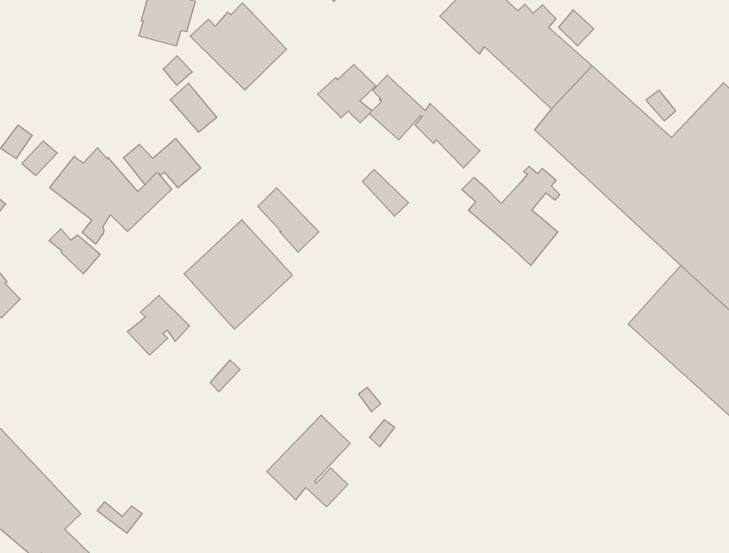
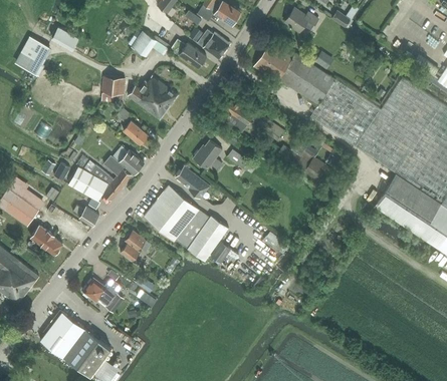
building: [317,65,376,123] -> [193,140,222,169]
building: none -> [83,279,124,313]
building: [267,415,350,507] -> [188,216,230,262]

